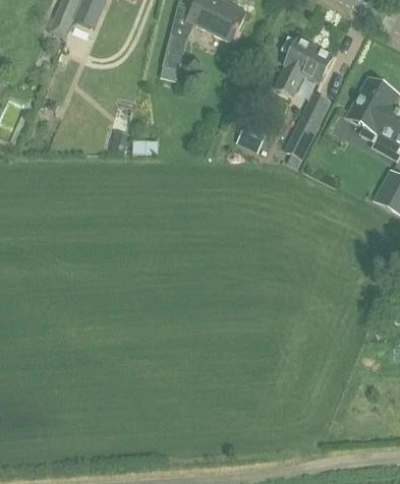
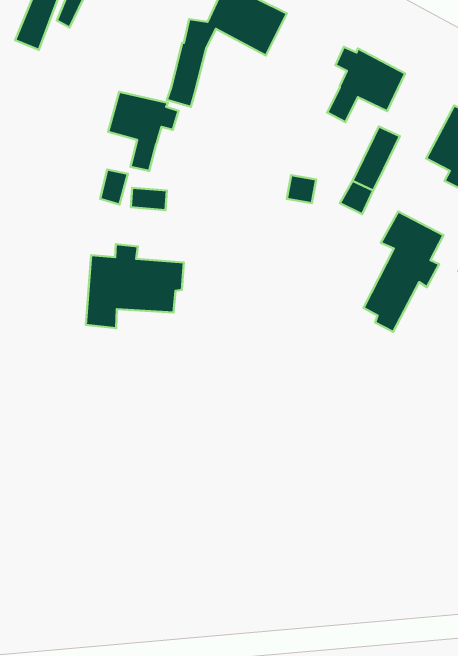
building: none -> [108,92,178,171]
building: none -> [364,211,444,332]
building: none -> [86,244,184,328]

